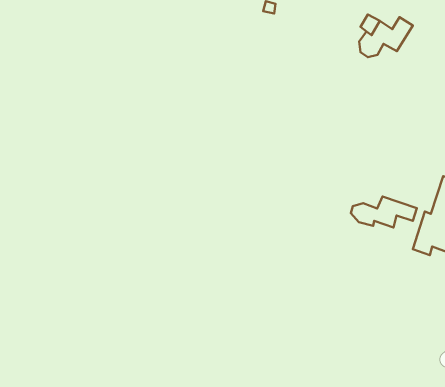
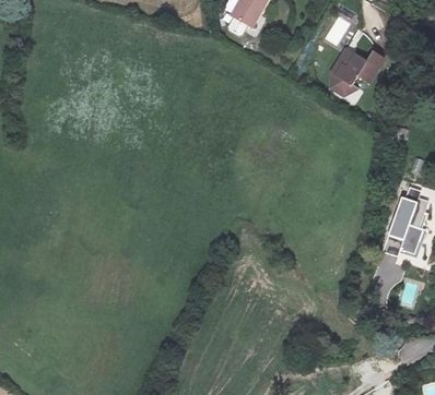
building: [351,197,417,228] -> none

